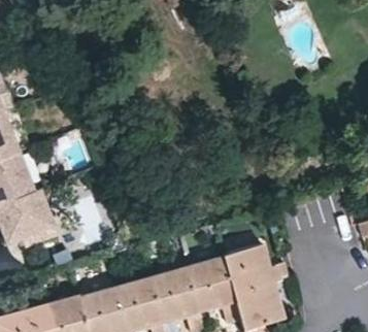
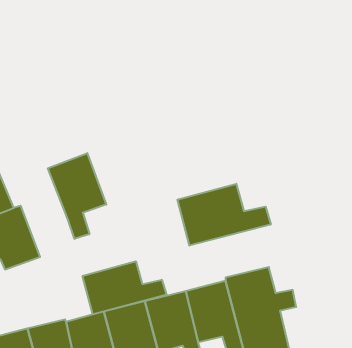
building: none -> [48,153,106,239]
building: none -> [177,184,271,246]
building: none -> [83,261,167,314]

